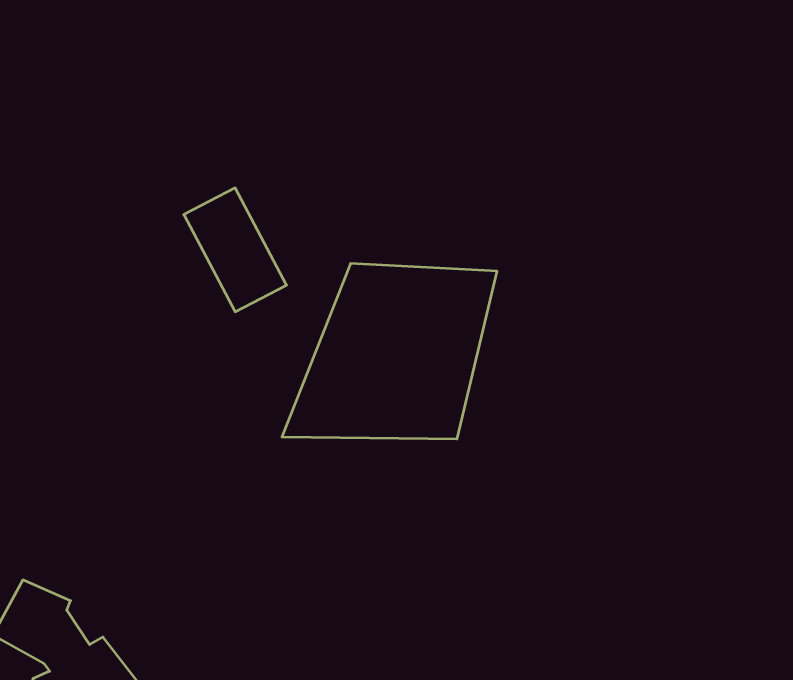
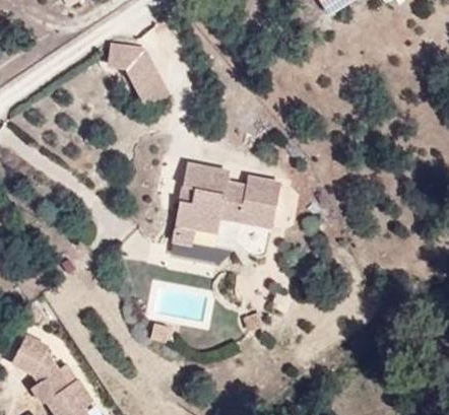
building: [184,188,287,312] -> [108,34,163,100]

